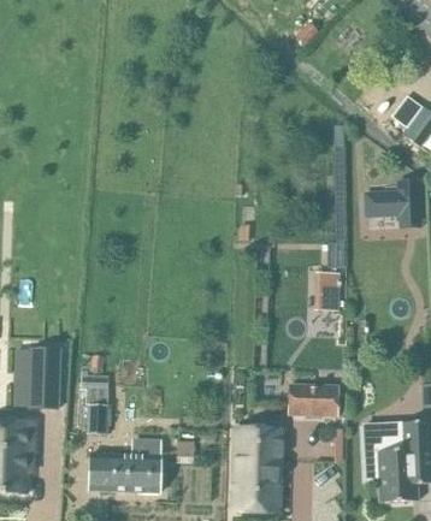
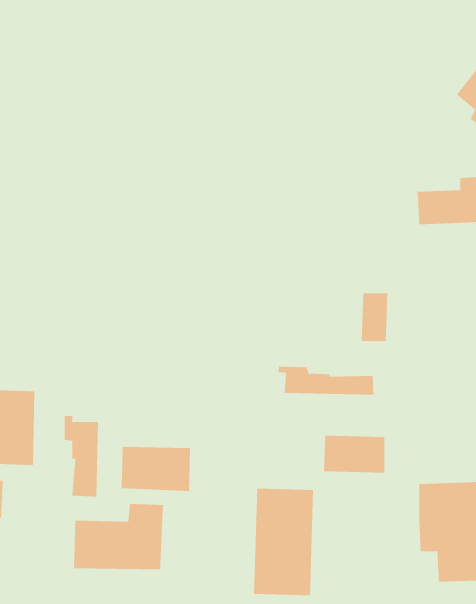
building: none -> [278,366,374,396]
building: none -> [121,446,190,492]

